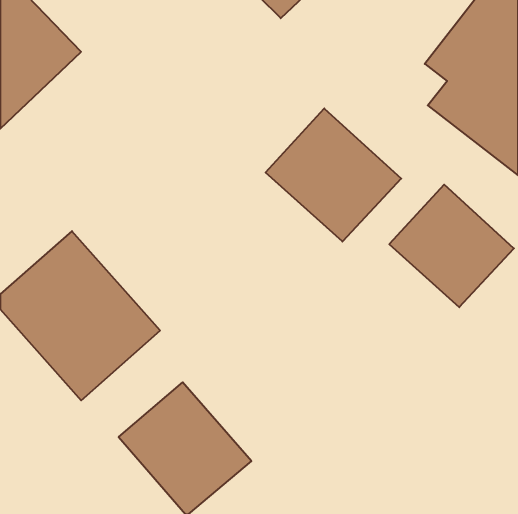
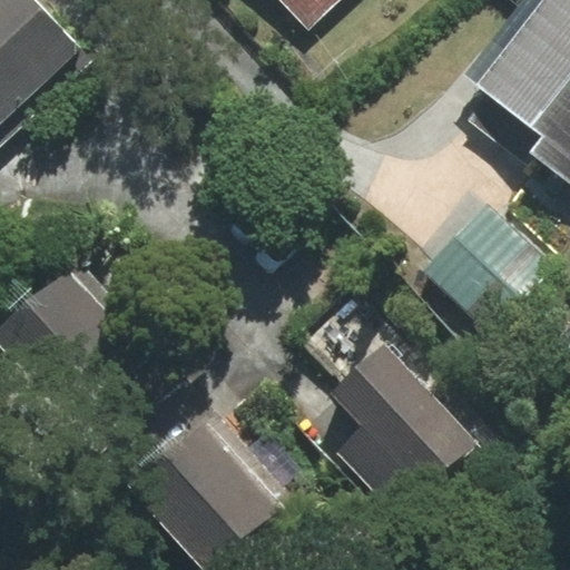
building: [266,108,401,242] -> none
building: none -> [333,342,473,511]

